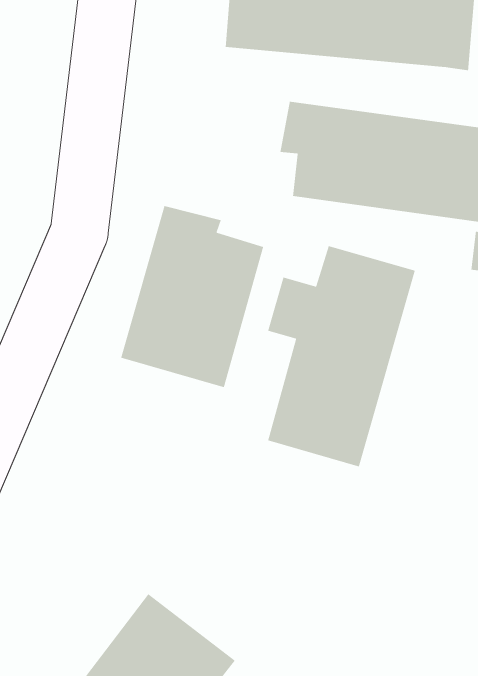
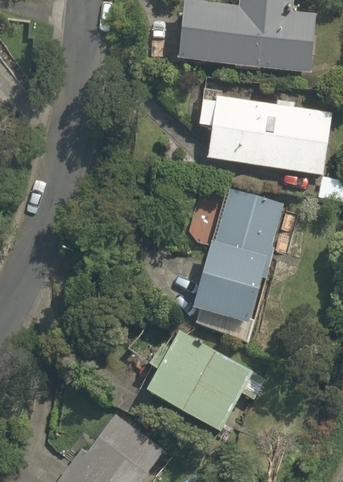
building: [120,205,264,388] -> none
building: none -> [125,322,255,430]

